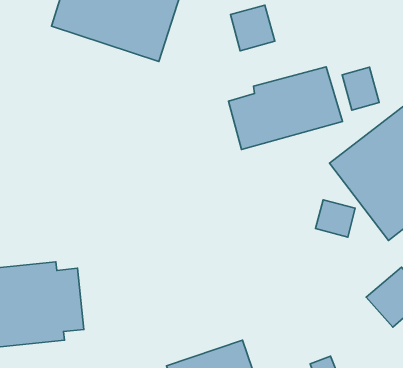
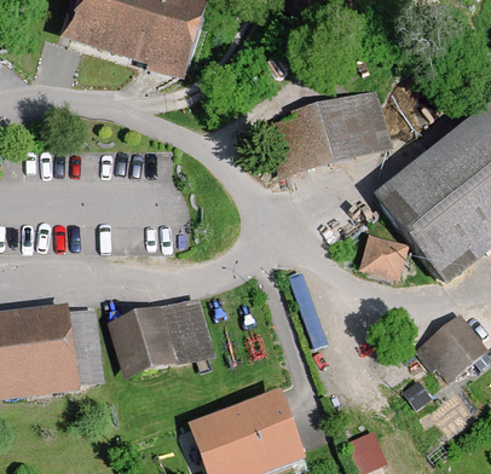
building: [231,5,275,51] -> none
building: [342,67,379,110] -> none
building: none -> [106,299,208,376]

